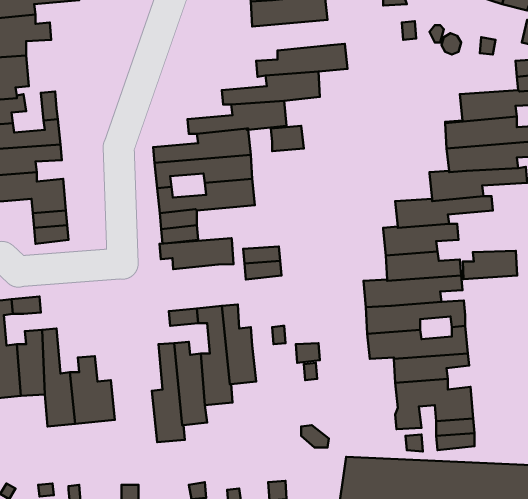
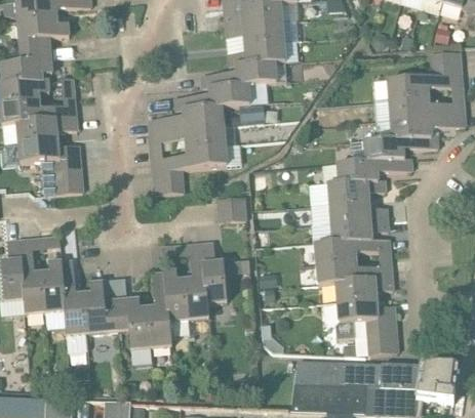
building: none -> [225,22,285,45]
building: [160,238,234,269] -> none
building: [463,251,517,279] -> none
building: none -> [115,298,151,349]

